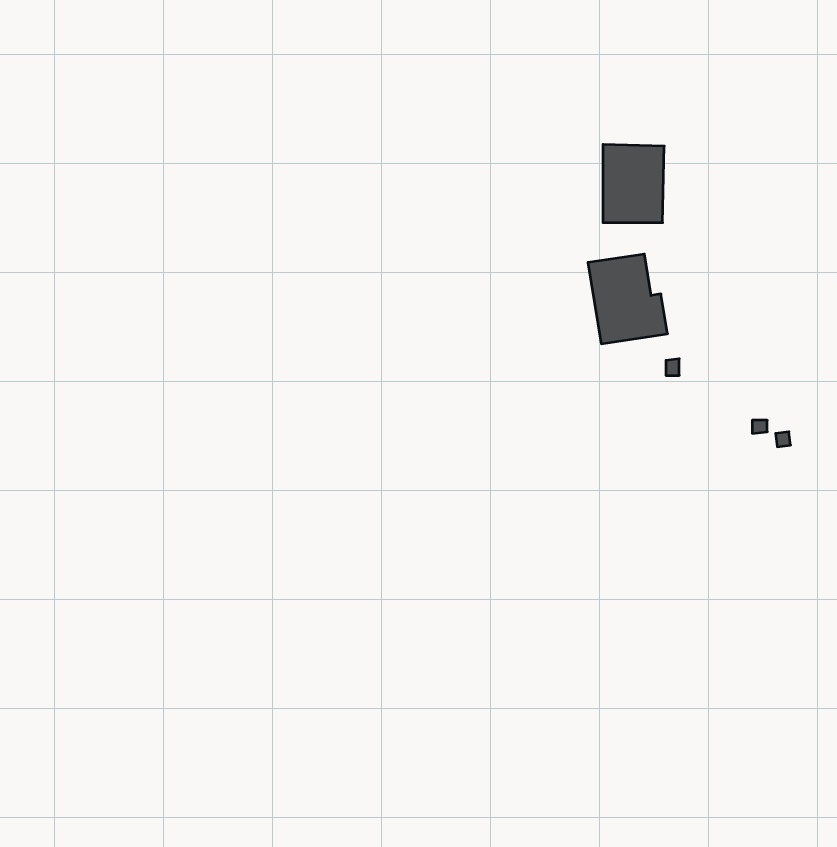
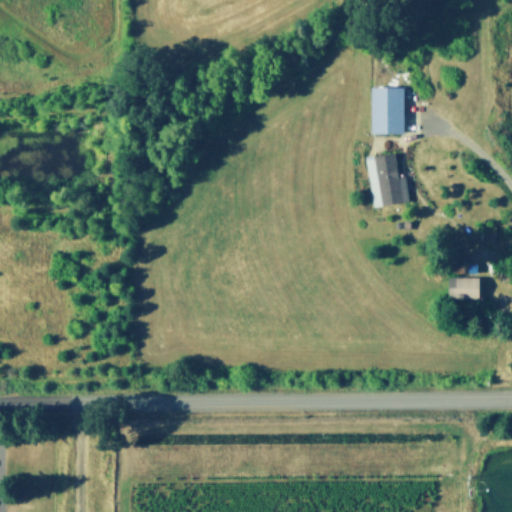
building: none -> [453,273,484,296]

